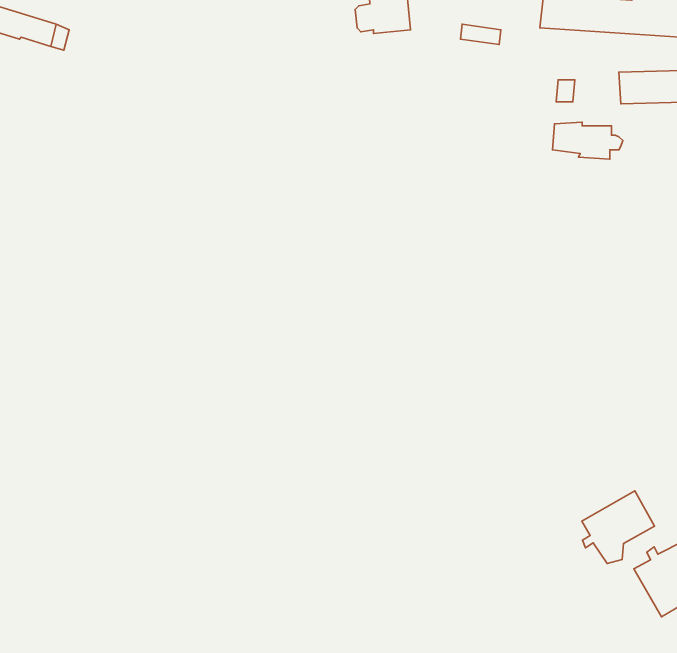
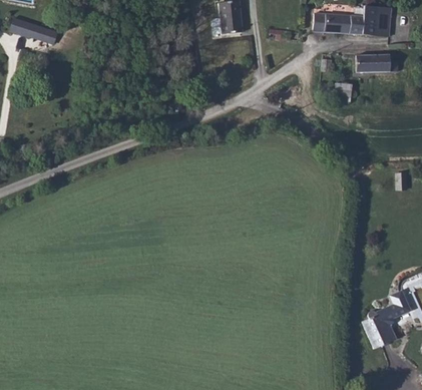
building: [582,491,655,563] -> none

